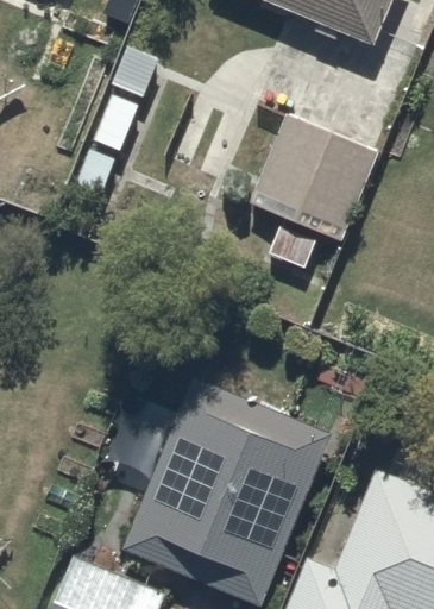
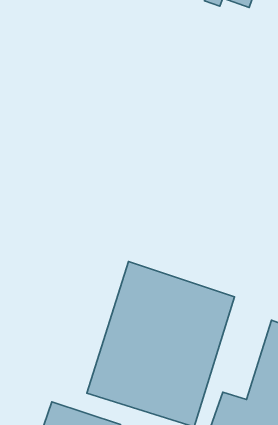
building: [252,115,380,271] -> none

